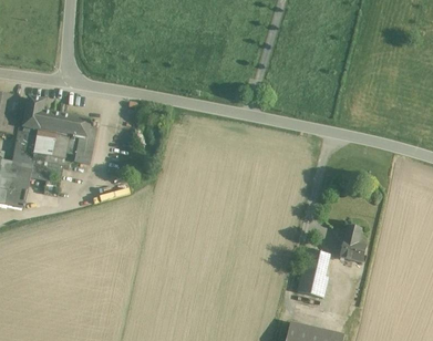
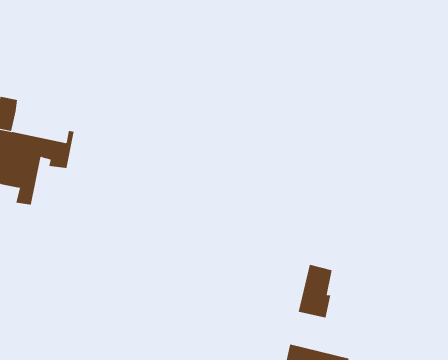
building: [39,111,91,140] -> none
building: [339,228,365,262] -> none

